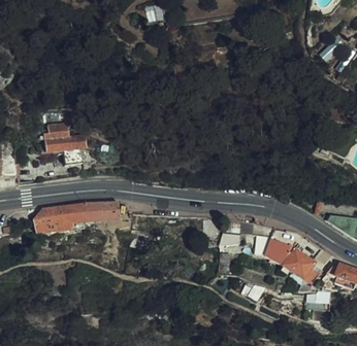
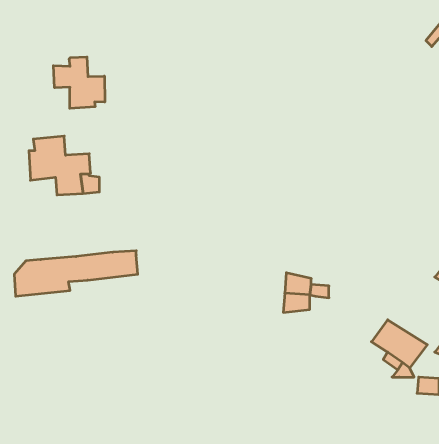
building: none -> [53,57,105,108]
building: [256,239,287,258] -> none

